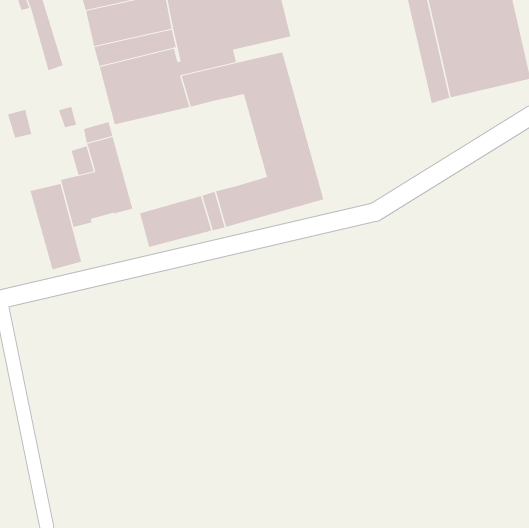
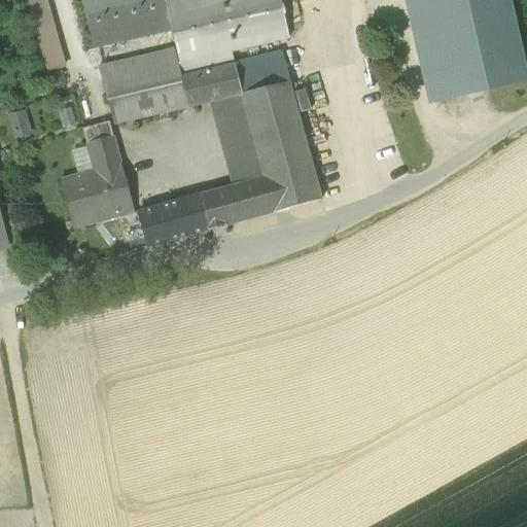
building: none -> [211,94,266,184]
building: [30,183,82,270] -> none

